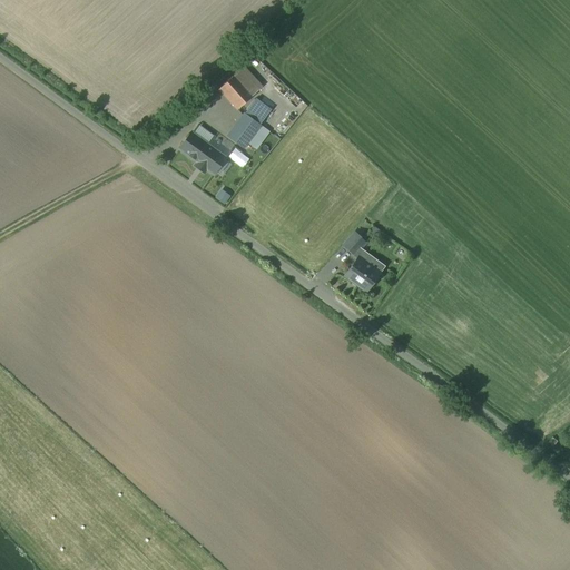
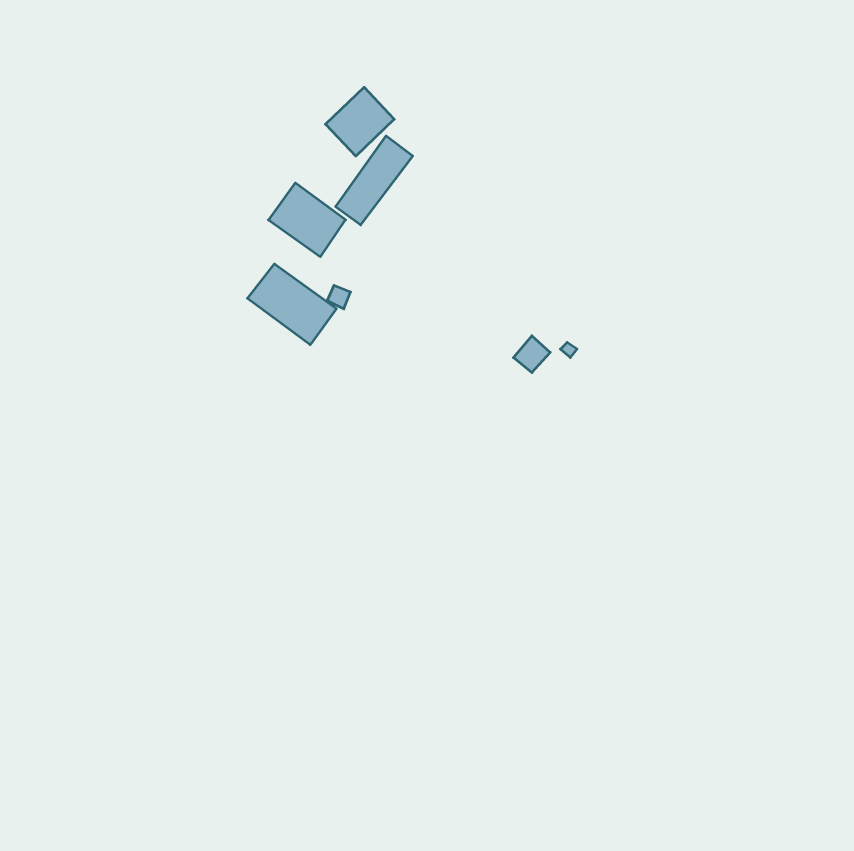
building: none -> [247,264,336,345]
building: [345,255,382,291] -> none

